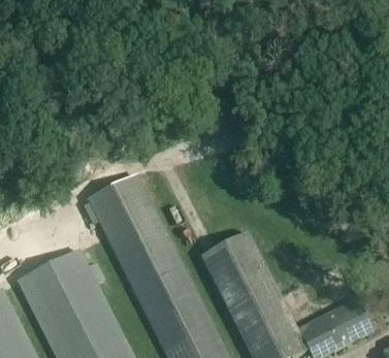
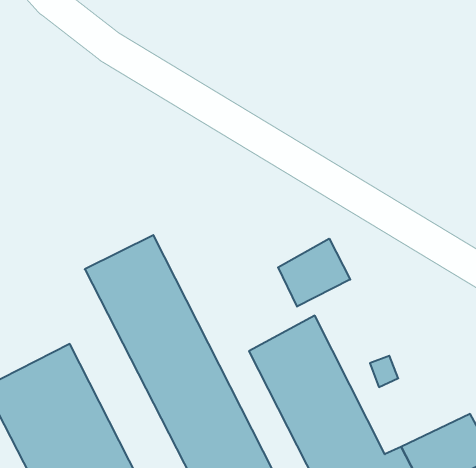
building: none -> [278,239,350,307]

